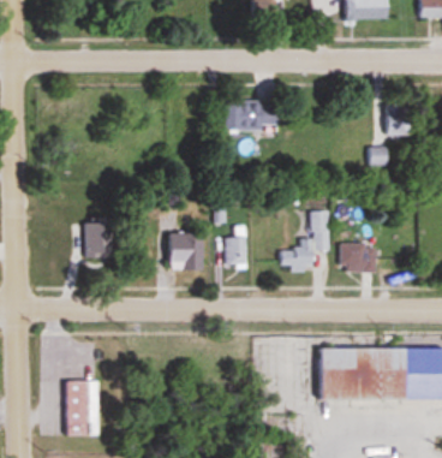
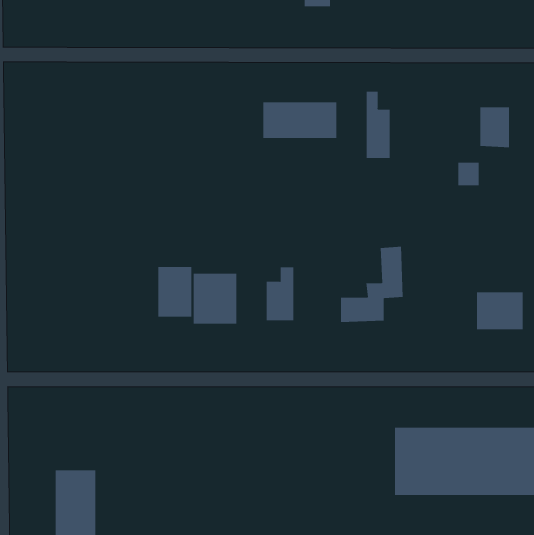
building: none -> [366,91,390,159]
building: [84,219,111,257] -> [157,266,192,317]
building: [340,243,376,272] -> [476,292,524,330]

